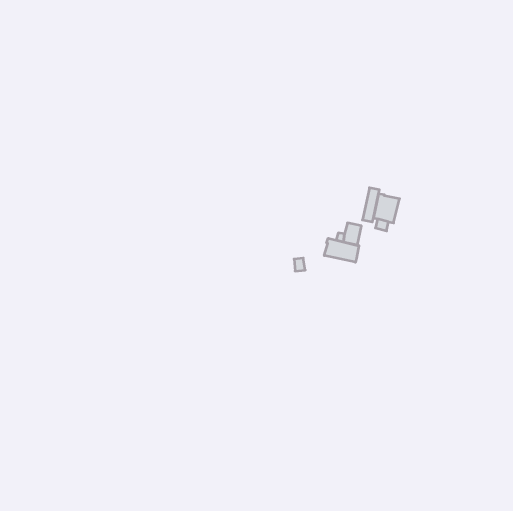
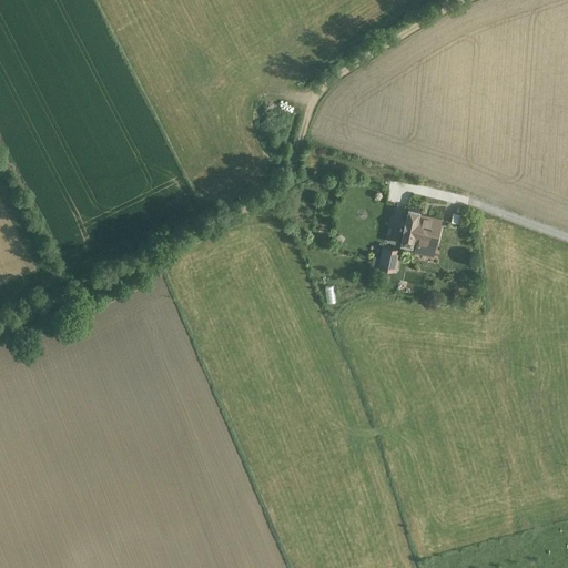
building: [324,238,359,262] -> none

